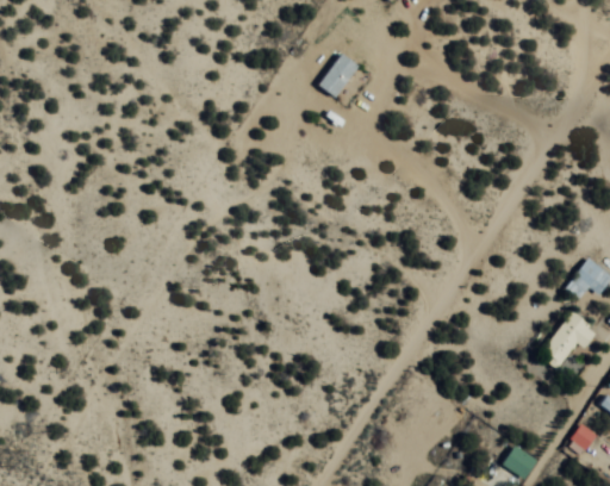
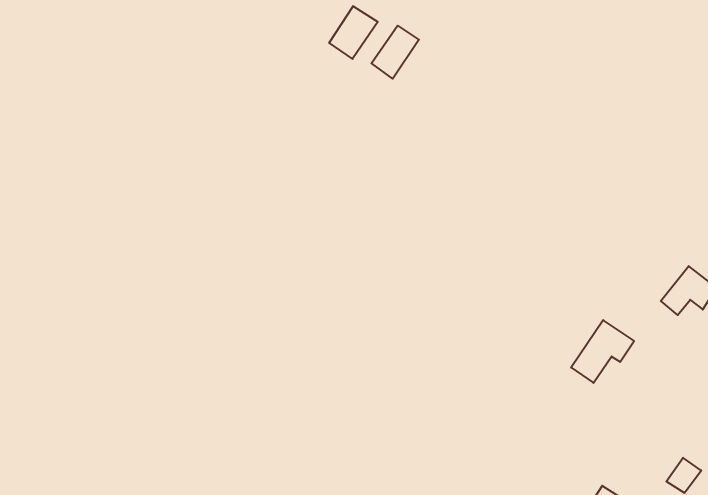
building: none -> [329,6,378,59]
building: [543,312,597,366] -> [571,320,634,383]

